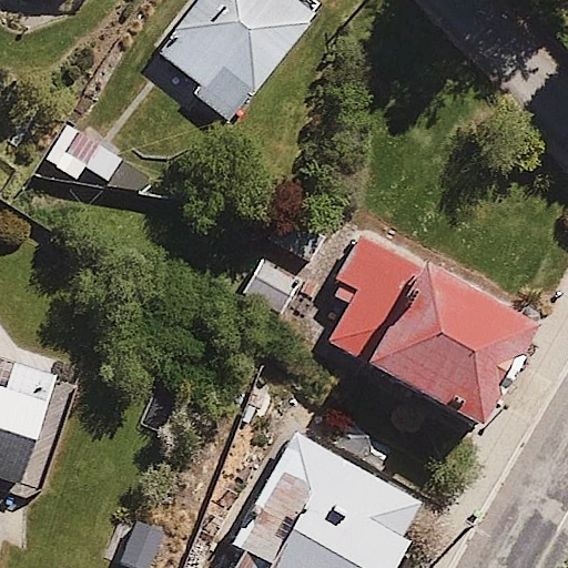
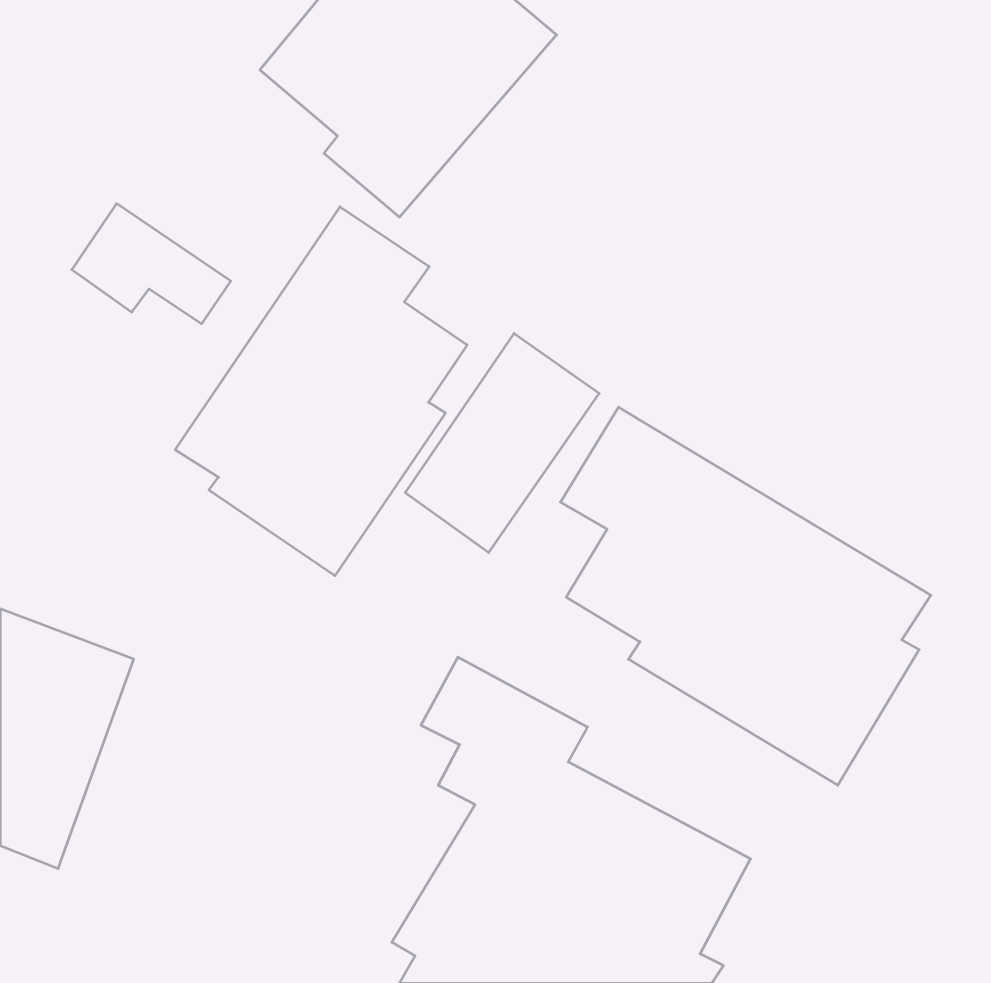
building: none -> [175,207,467,576]

